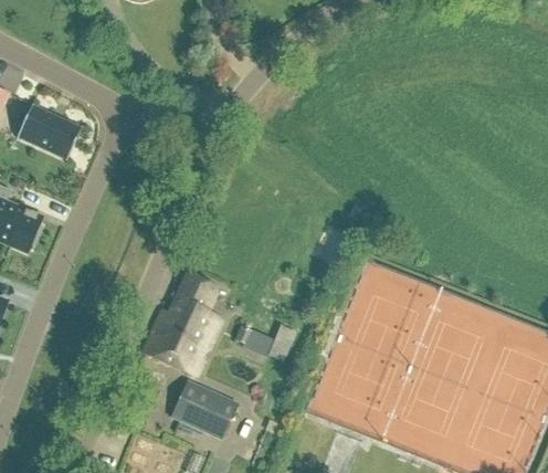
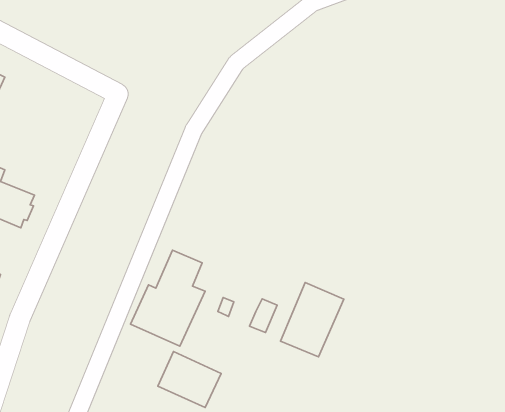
building: [15,104,80,159] -> none
building: none -> [281,283,344,357]

